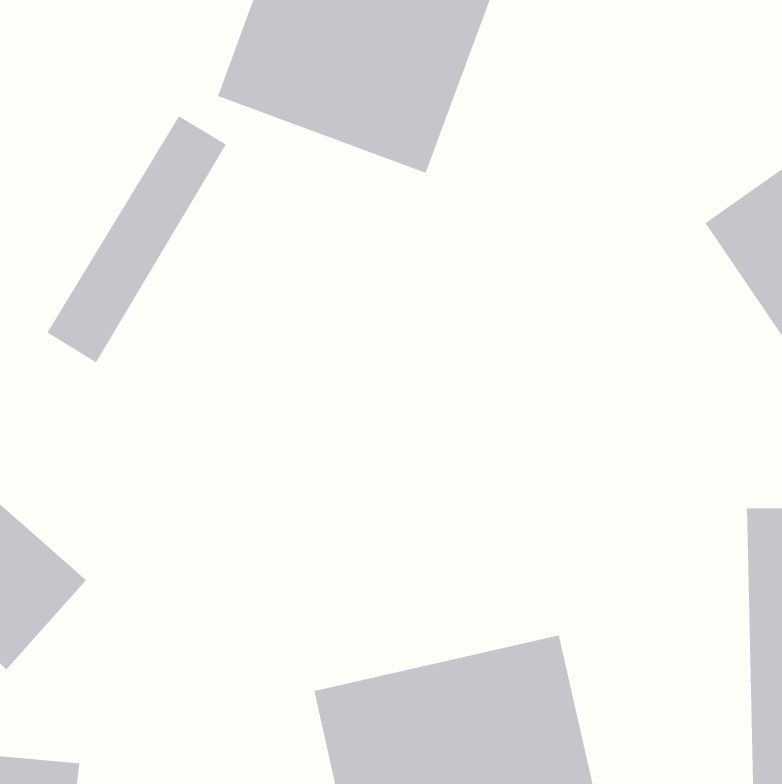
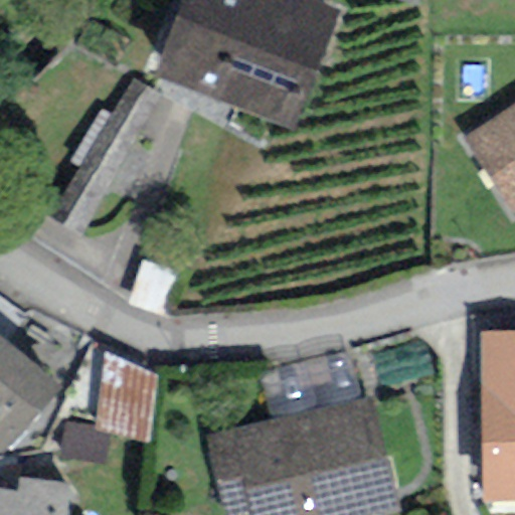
building: none -> [62,350,155,462]

